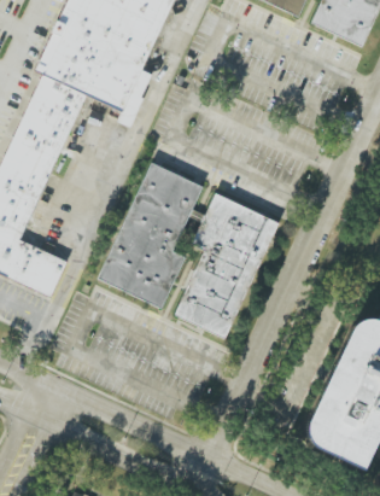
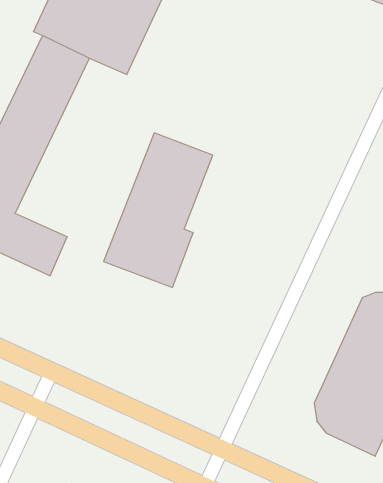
building: [176,194,279,339] -> none

